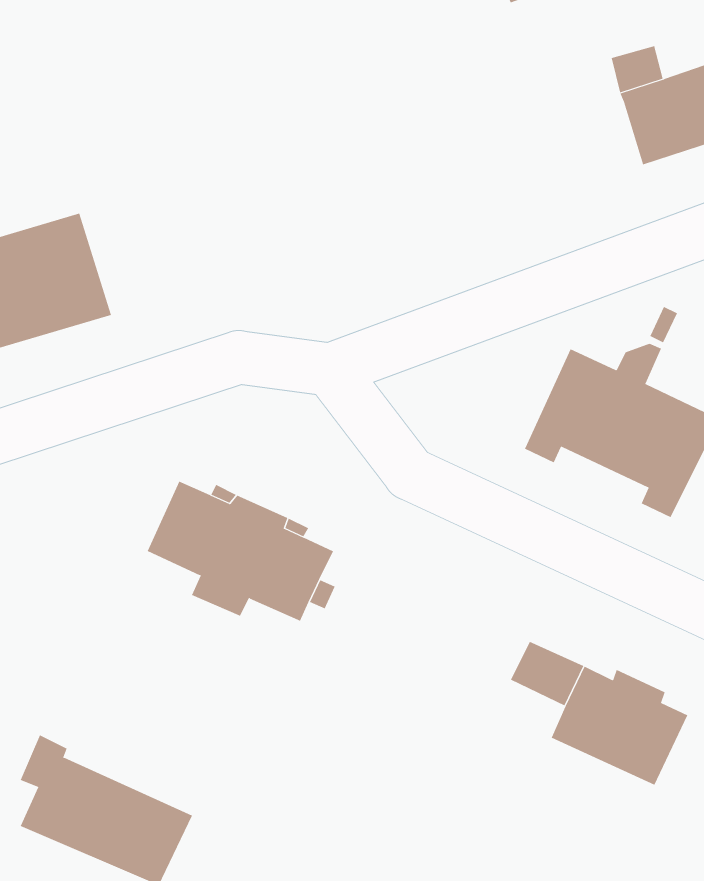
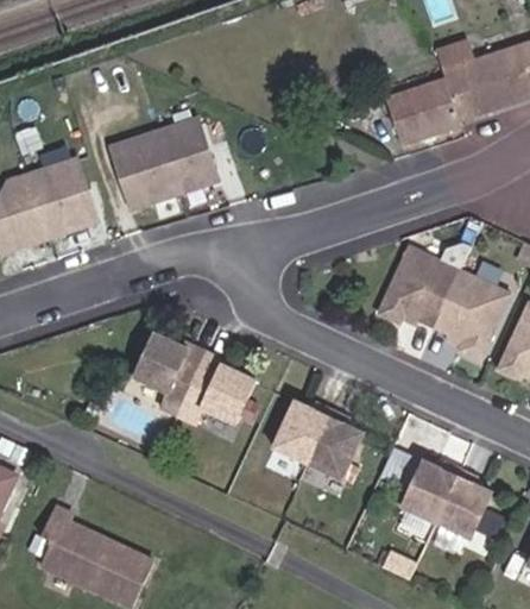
building: none -> [387,77,462,143]
building: none -> [120,119,223,207]
building: none -> [269,398,361,479]

